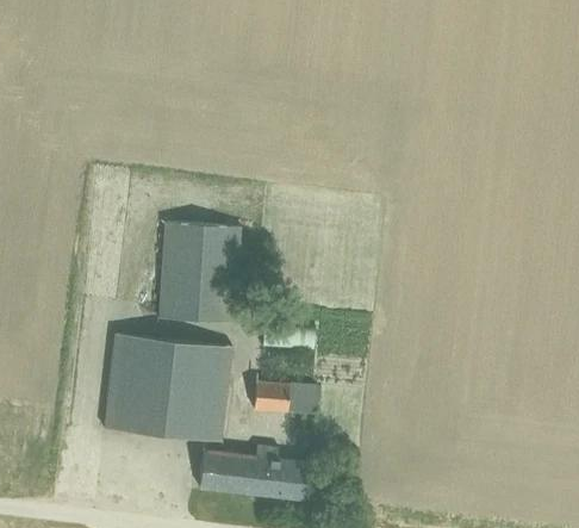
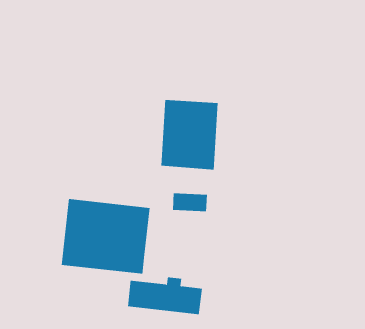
building: [158,223,242,324] -> [160,99,219,170]
building: [254,379,317,412] -> none

